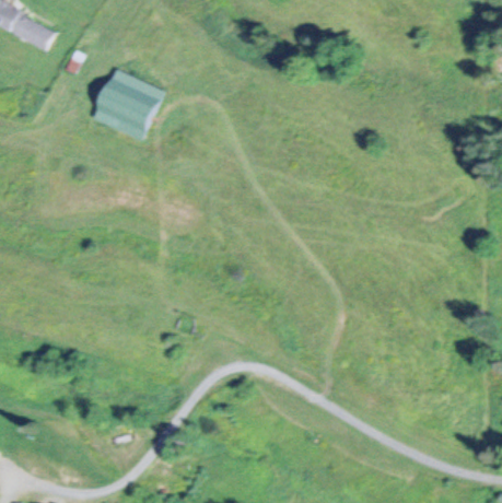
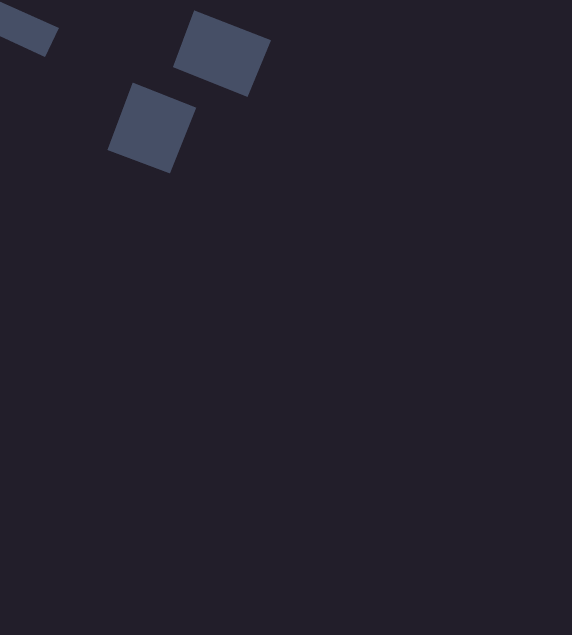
building: none -> [172,9,272,98]

